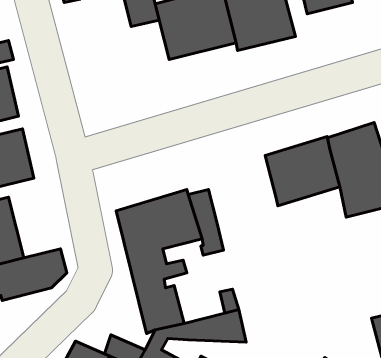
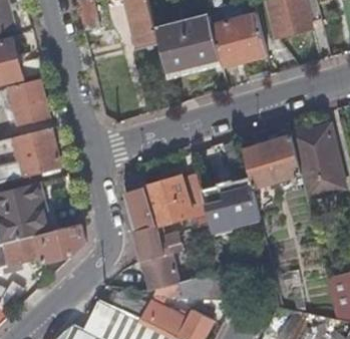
building: none -> [205,185,260,231]

